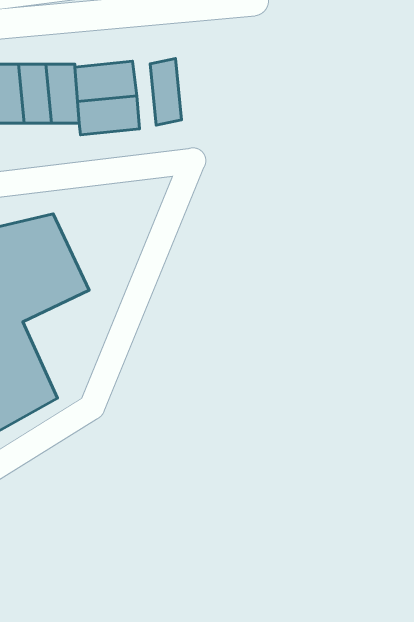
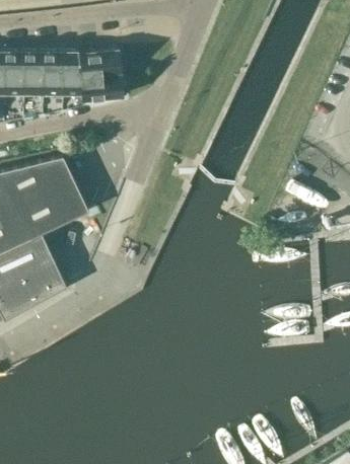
building: [150,59,181,125] -> none

